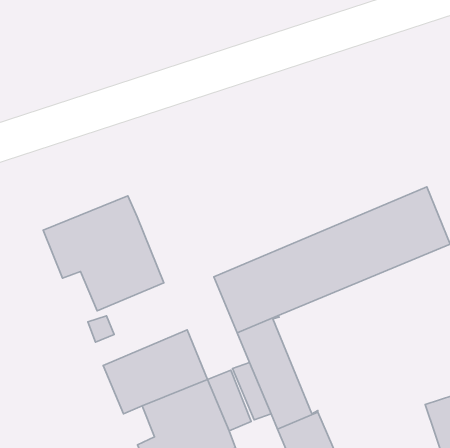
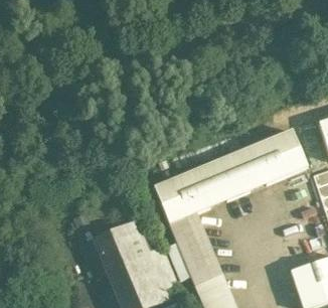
building: [43,196,164,311] -> none

